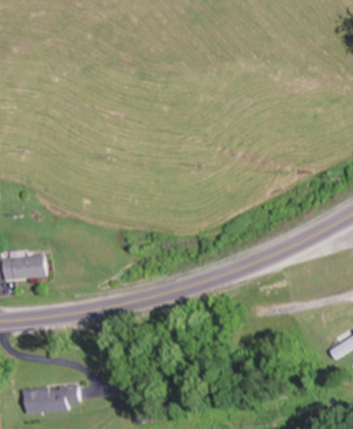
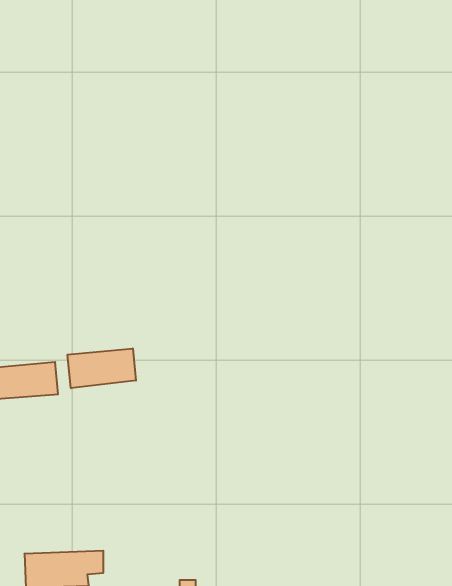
building: none -> [68,348,136,388]

